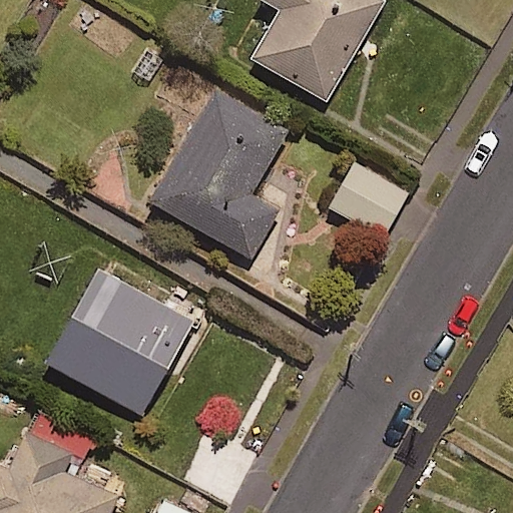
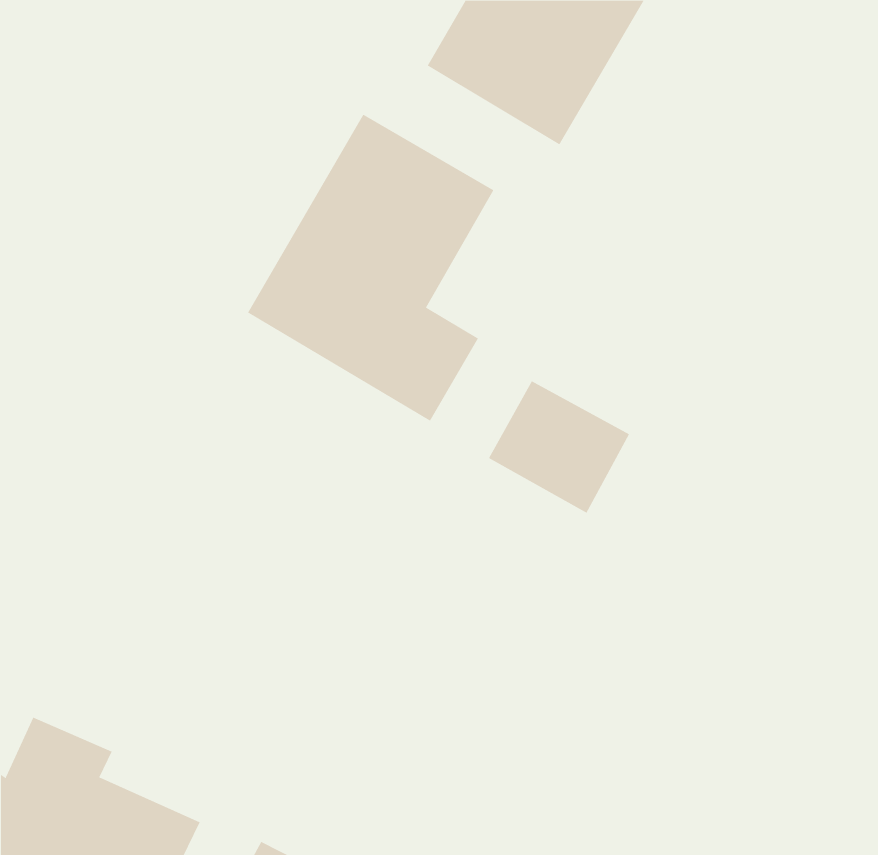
building: [329,162,411,239] -> [488,380,630,513]
building: [42,269,193,416] -> none

